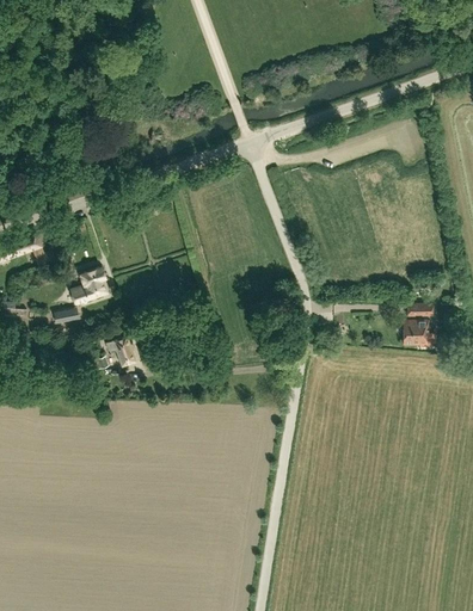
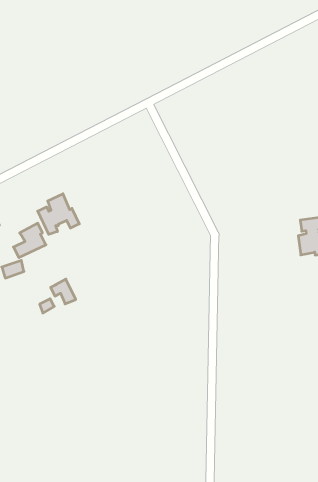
building: none -> [38,194,79,234]

